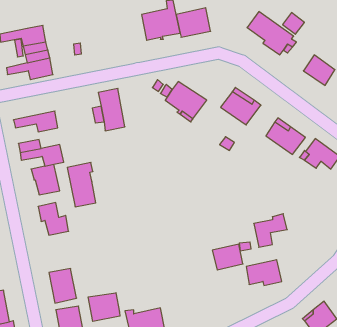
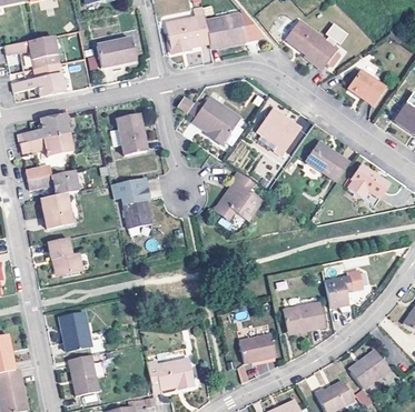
building: none -> [98,40,137,68]
building: none -> [19,114,68,143]
building: none -> [214,171,263,220]
building: [67,162,96,207] -> [119,178,151,228]
building: [254,214,287,247] -> [325,269,363,307]
building: [212,244,243,270] -> [240,333,275,362]
building: [88,293,120,321] -> none

